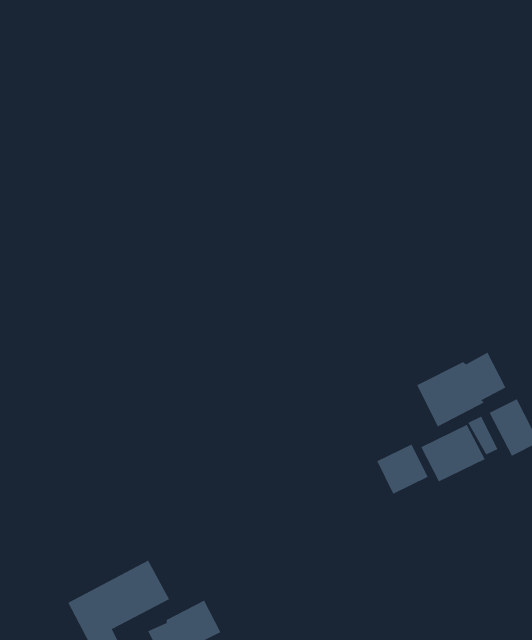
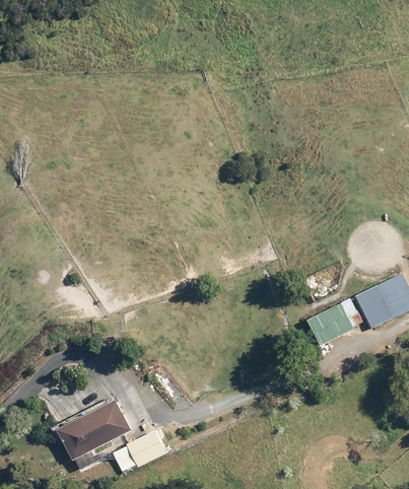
building: [416,351,507,428] -> none
building: [376,444,429,495] -> none

